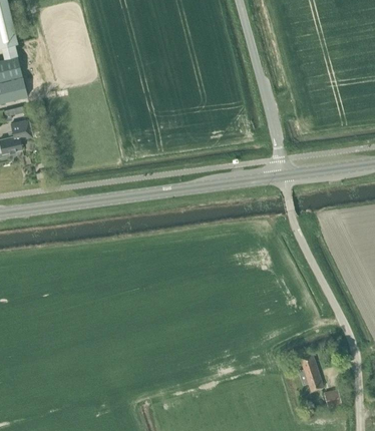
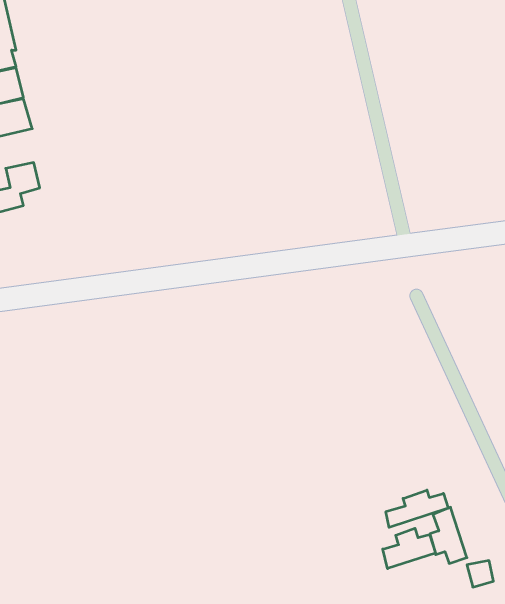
building: none -> [386,490,448,527]
building: none -> [383,528,435,569]

